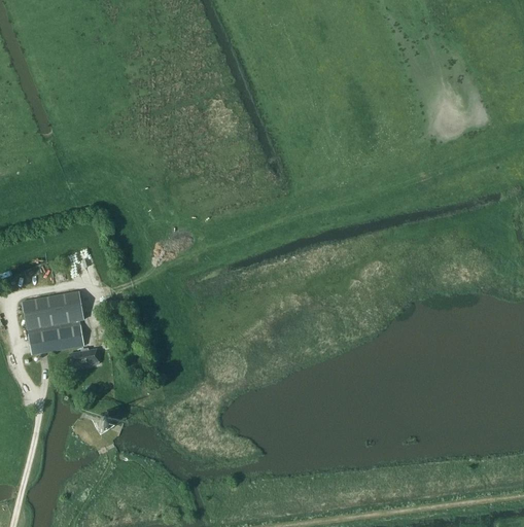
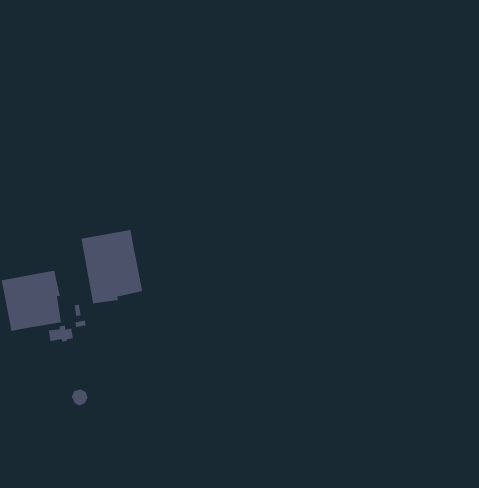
building: none -> [80,229,143,304]

